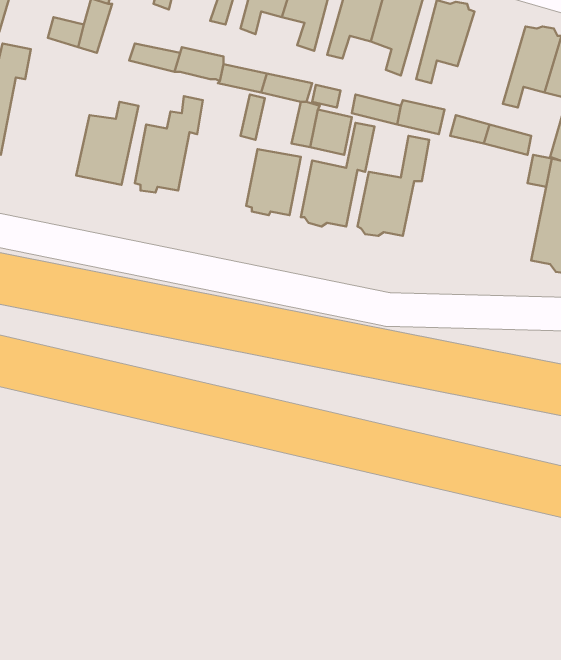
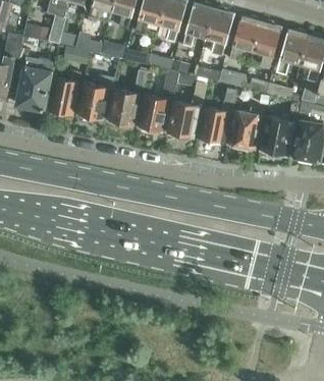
building: none -> [253,20,281,69]
building: none -> [17,58,50,110]
building: none -> [108,88,139,124]
building: none -> [229,106,262,149]
building: none -> [261,115,294,156]

